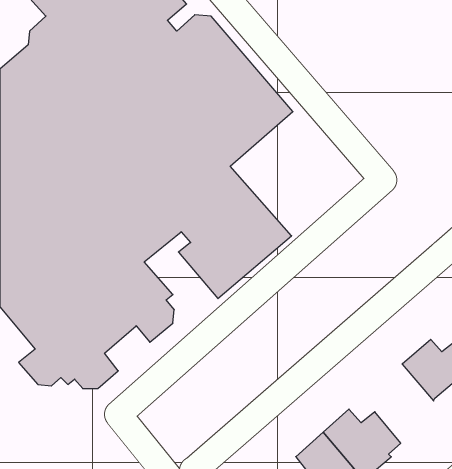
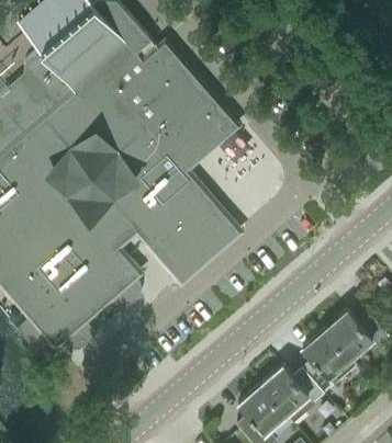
building: none -> [303,331,357,395]

